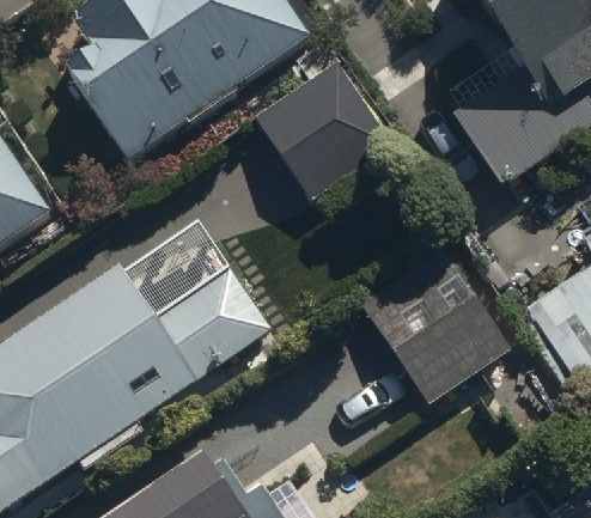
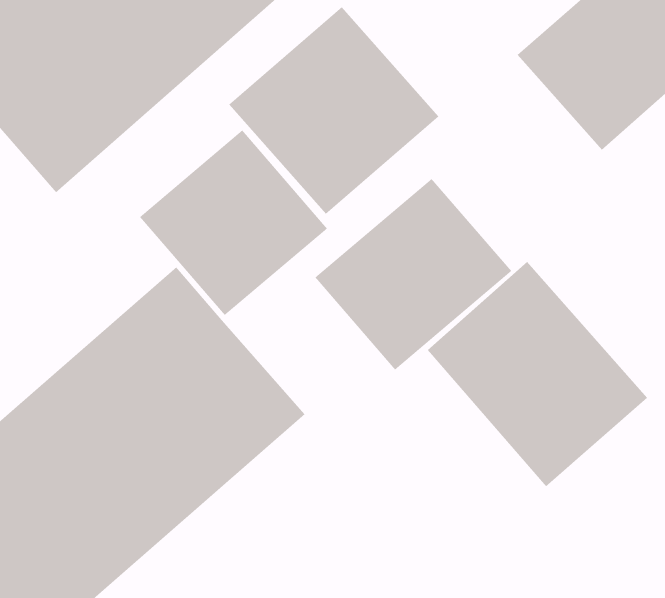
building: none -> [139,130,328,316]
building: none -> [315,178,512,370]

